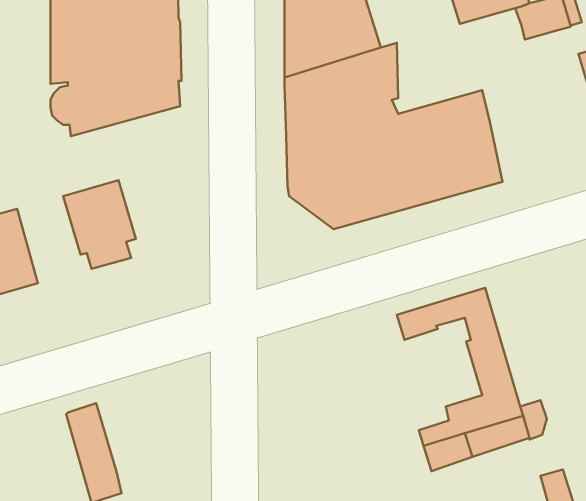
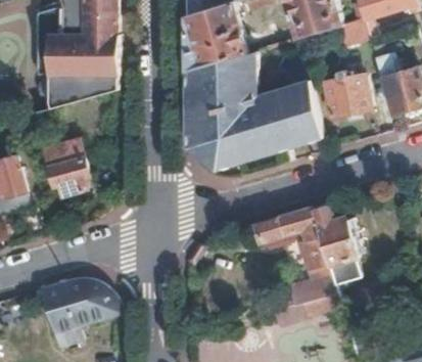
building: none -> [325,75,371,118]
building: none -> [316,207,365,276]
building: none -> [63,278,120,327]

